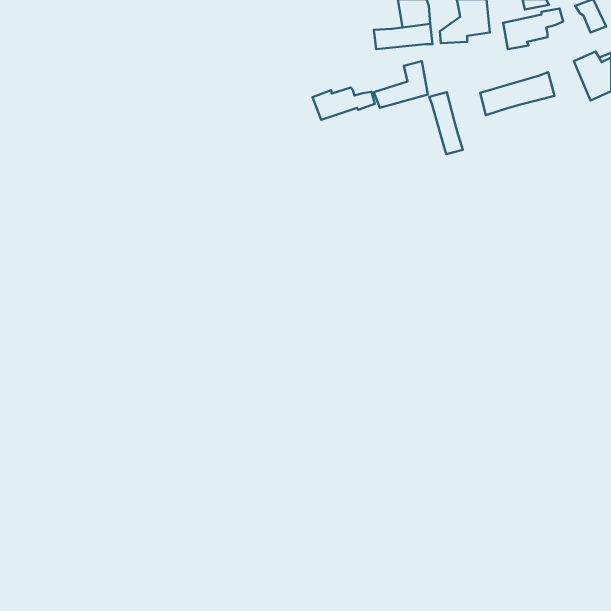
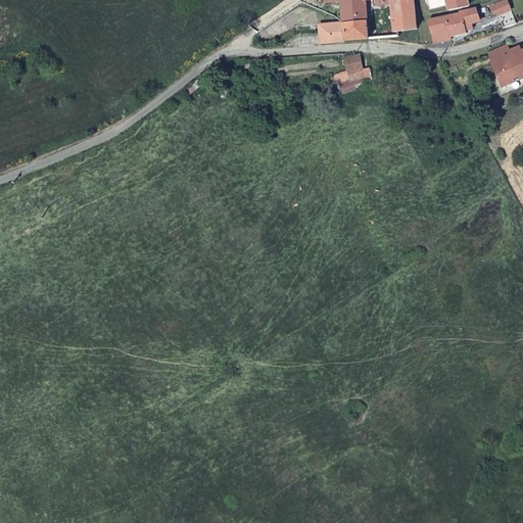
building: [480,72,554,115] -> none
building: [312,87,375,120] -> none
building: [429,92,463,154] -> none

